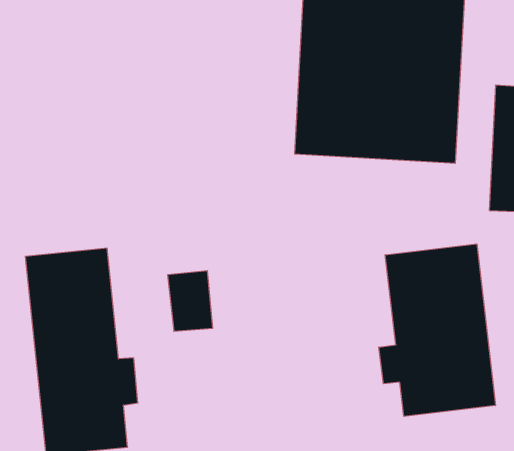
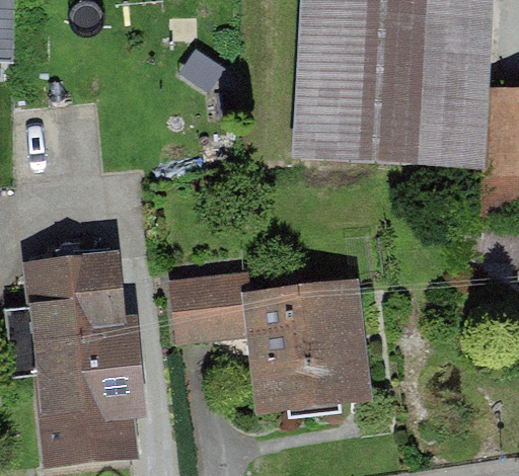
building: [379,244,495,416] -> none
building: none -> [251,281,362,404]

